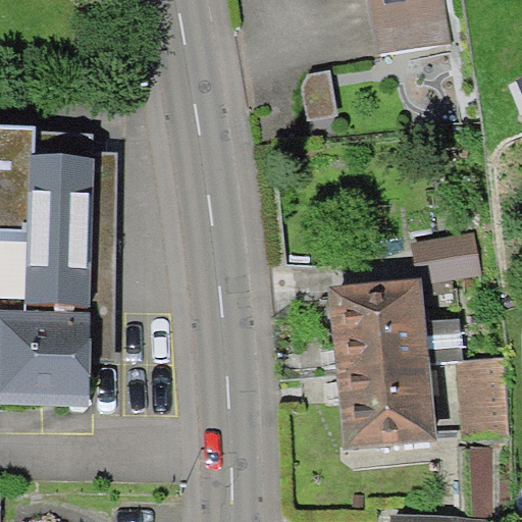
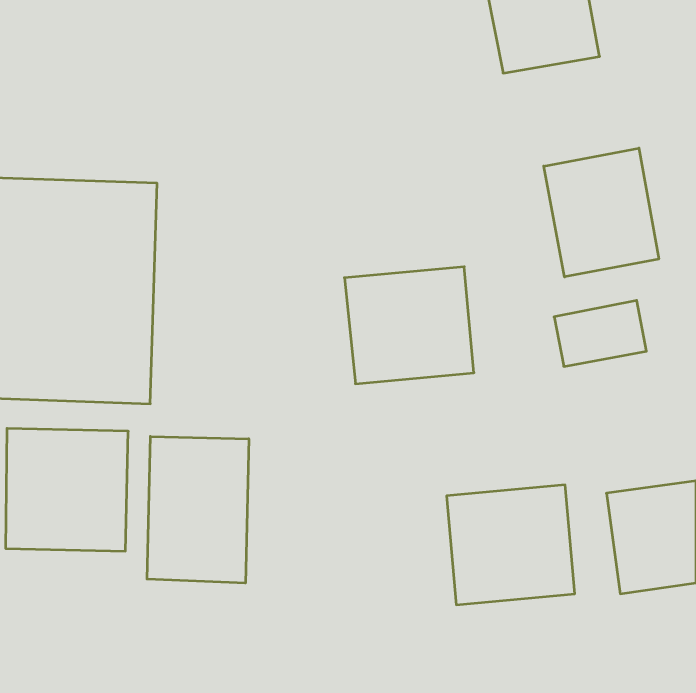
building: none -> [544,148,659,277]
building: [322,280,418,367] -> [344,267,474,384]
building: none -> [147,436,249,583]

